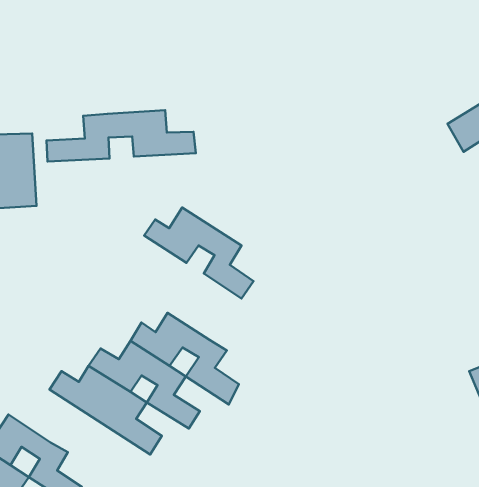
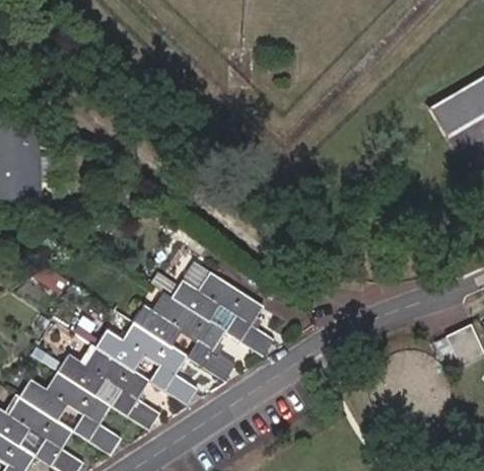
building: [46,110,196,162] -> none
building: [144,208,254,298] -> [165,269,268,355]
building: none -> [16,368,123,452]

